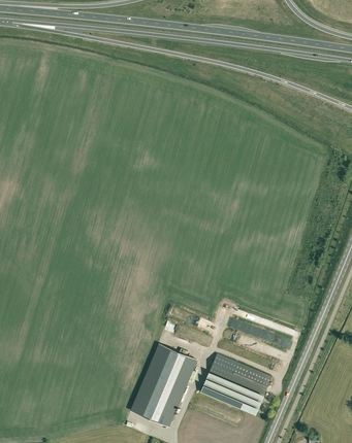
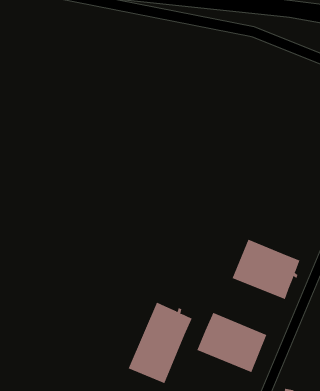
building: none -> [232,239,300,300]

